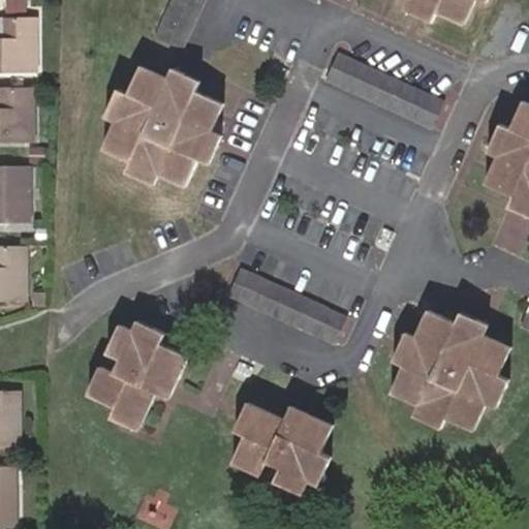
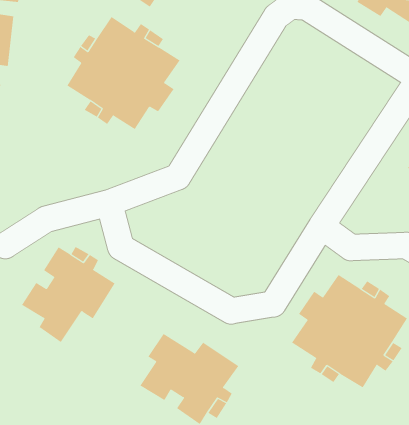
building: [325,55,442,129] -> none
building: [227,270,345,345] -> none

